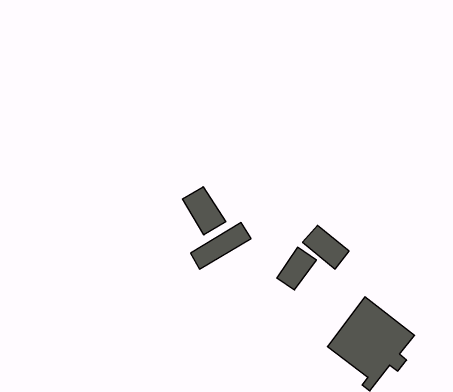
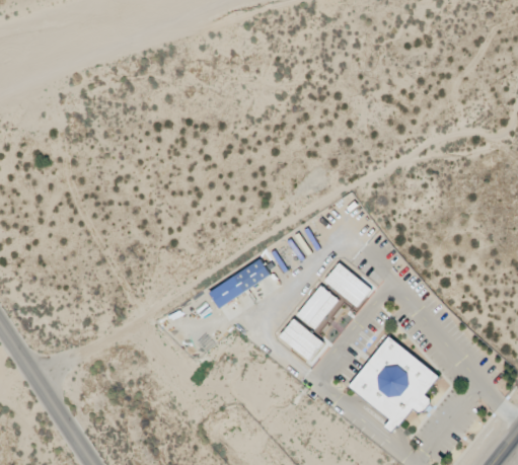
building: [182,187,226,235] -> none
building: none -> [279,318,323,361]

